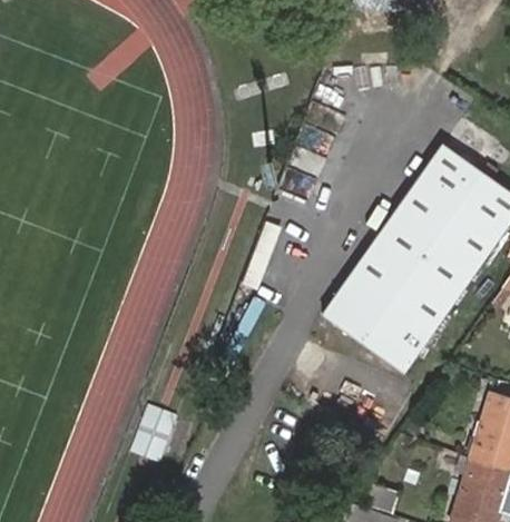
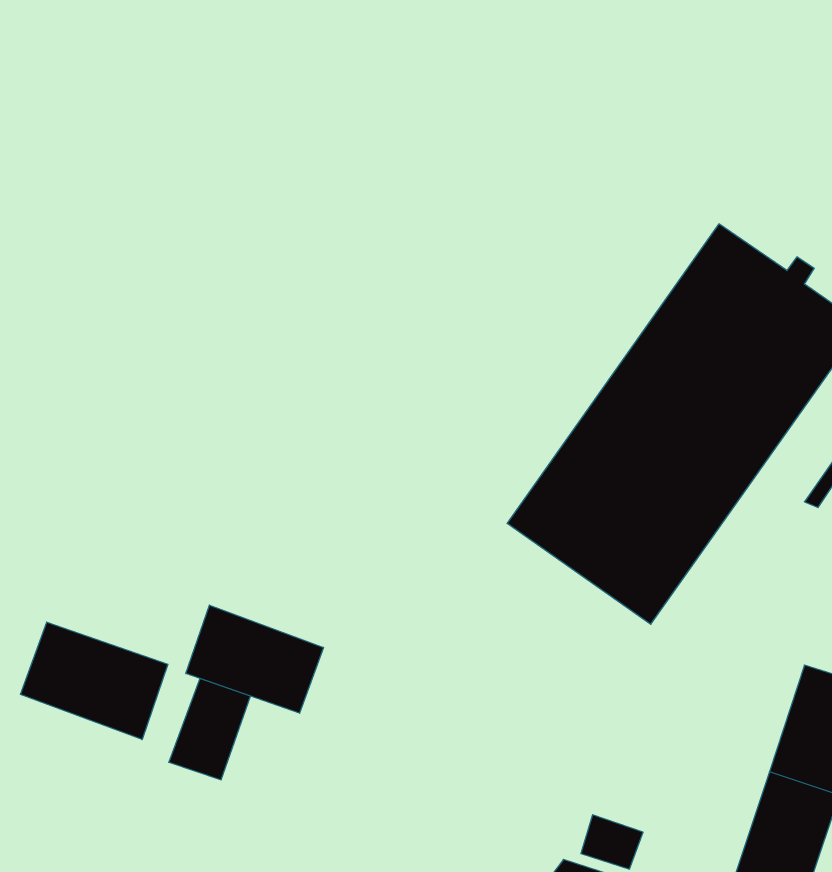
building: none -> [186,605,323,713]
building: none -> [21,622,168,740]

